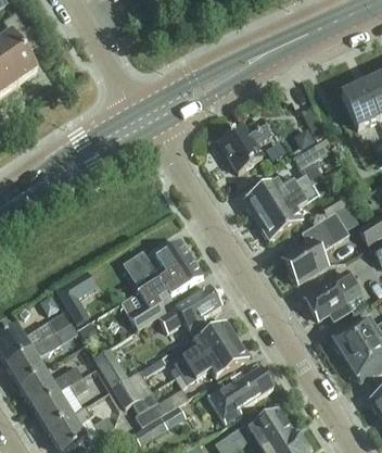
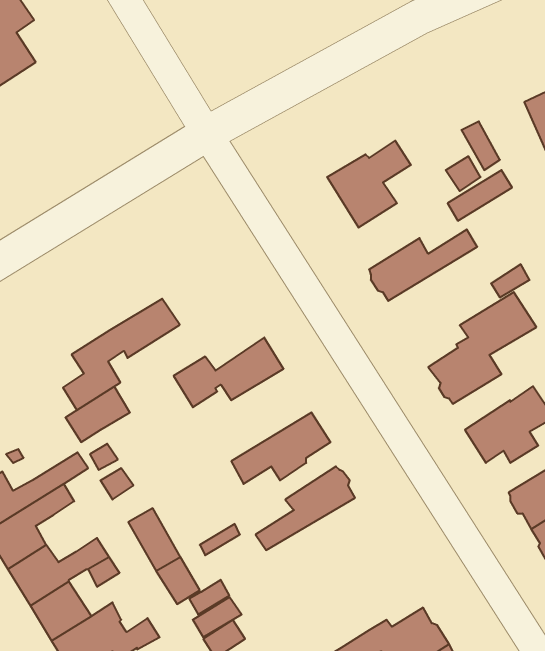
building: [257,184,319,239] -> none
building: [130,260,203,329] -> [63,299,180,410]
building: [181,340,247,383] -> none
building: [207,366,273,423] -> none

